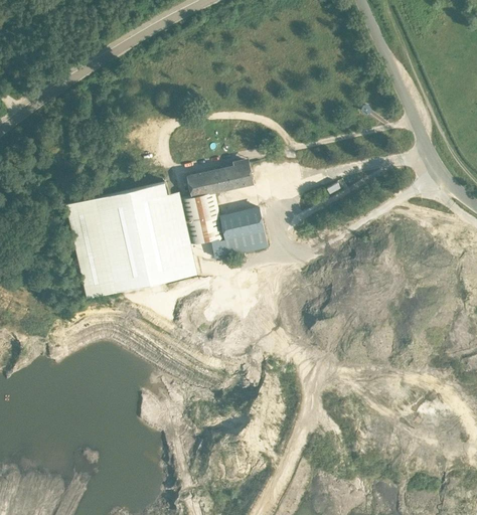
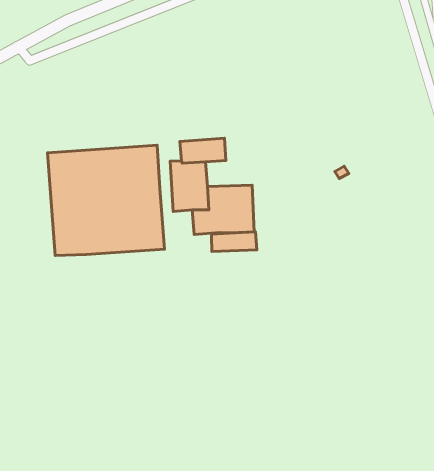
building: [232,162,259,187] -> none
building: none -> [211,232,257,252]

